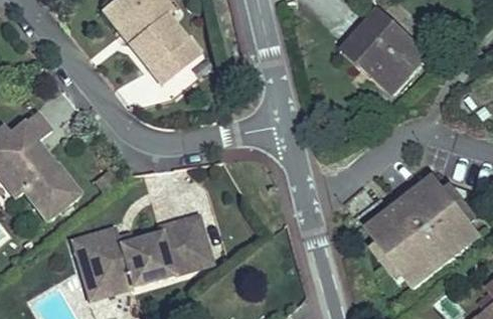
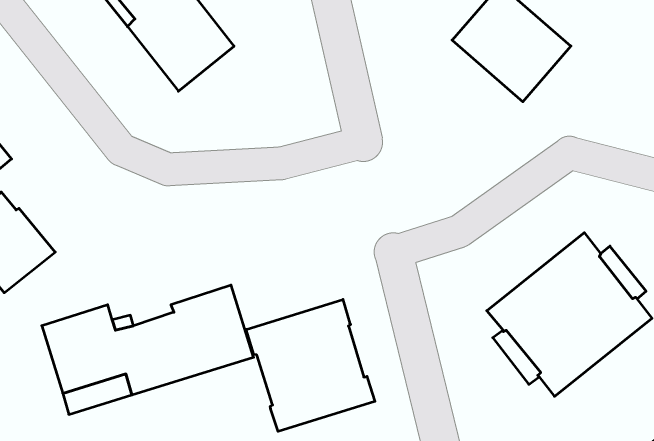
building: none -> [246,299,375,431]

